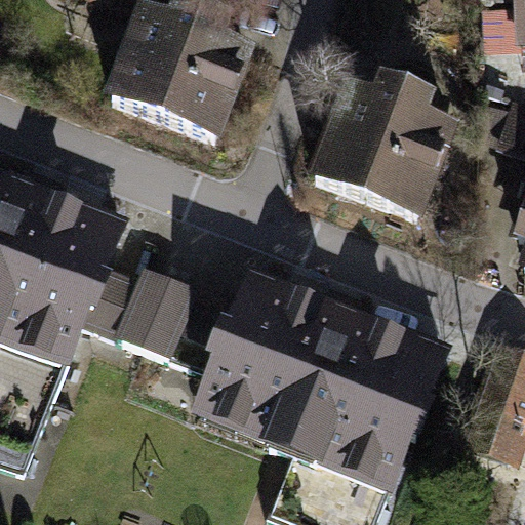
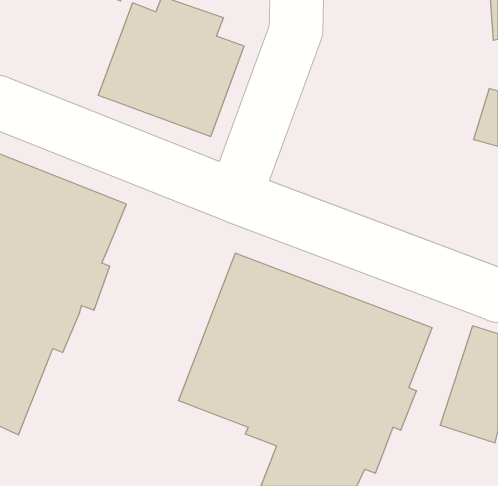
building: [304,77,458,223] -> none
building: [83,261,223,365] -> none

